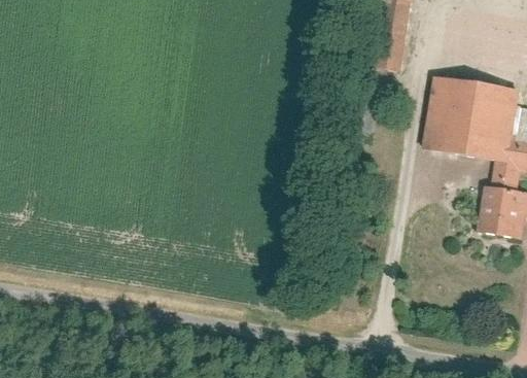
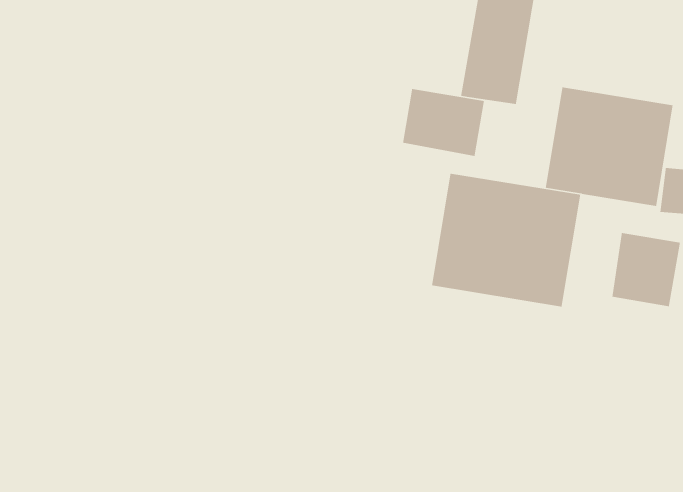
building: none -> [402,88,485,157]
building: none -> [431,173,581,307]

